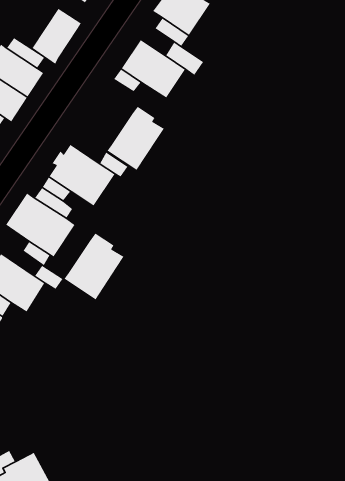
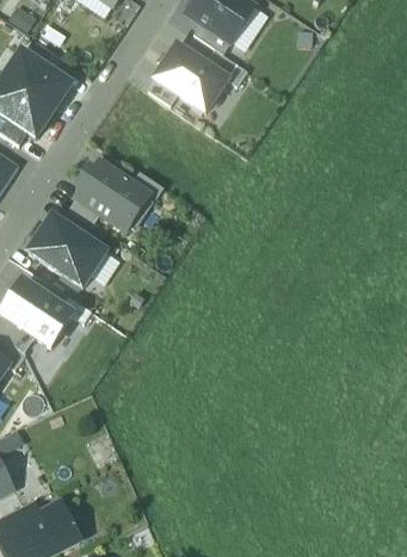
building: [32,8,82,65] -> none
building: [107,106,165,171] -> none
building: [64,232,125,300] -> none

